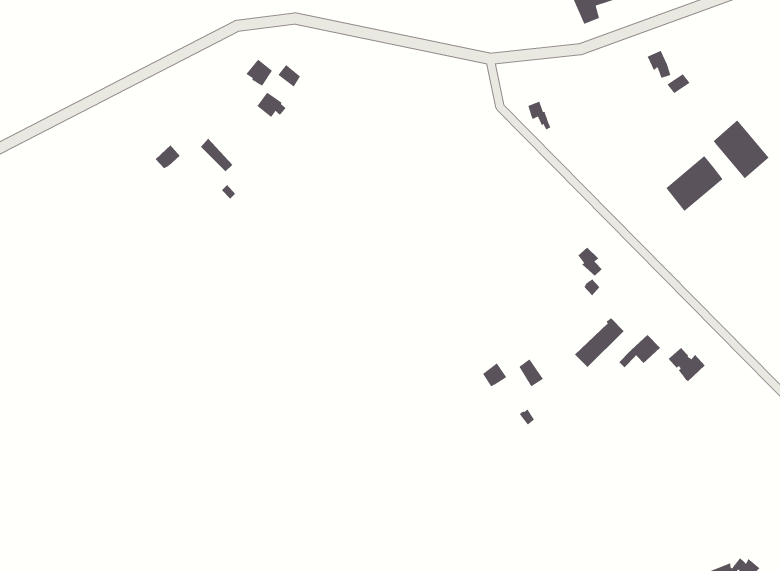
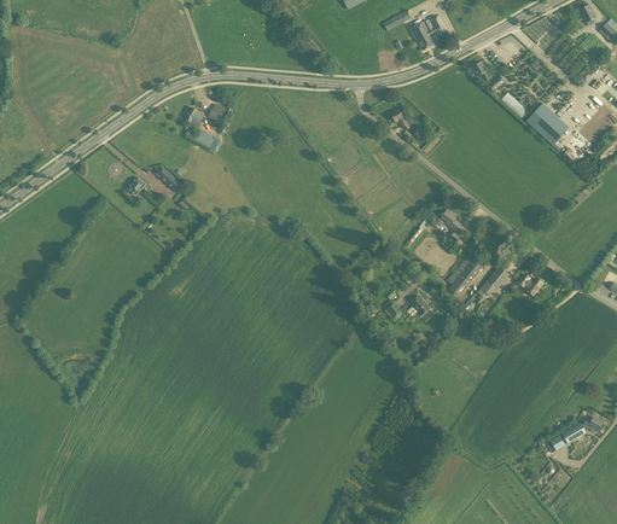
building: [665,155,723,212] -> none

